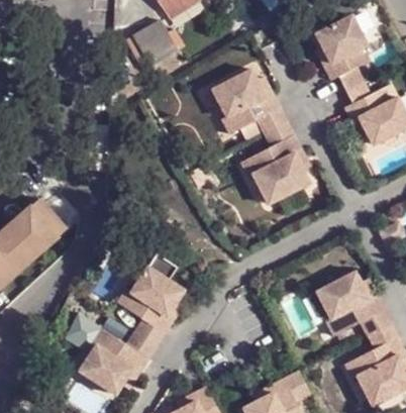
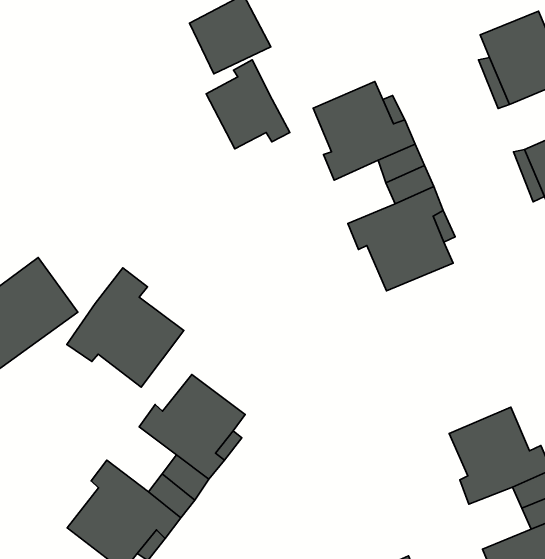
building: none -> [206,60,290,149]
building: none -> [67,268,184,387]

